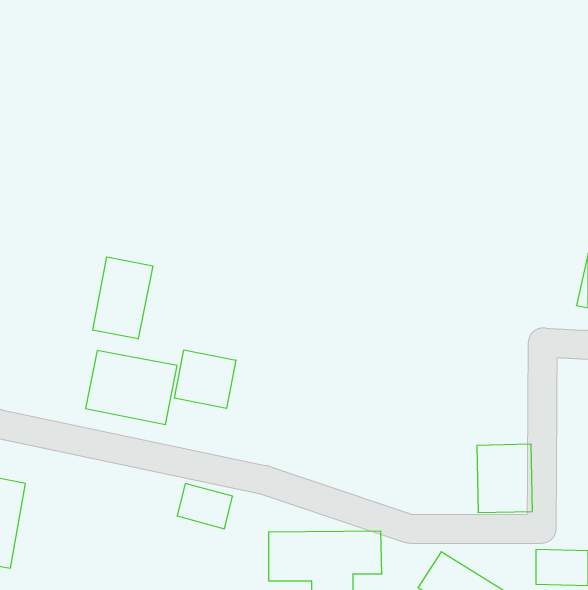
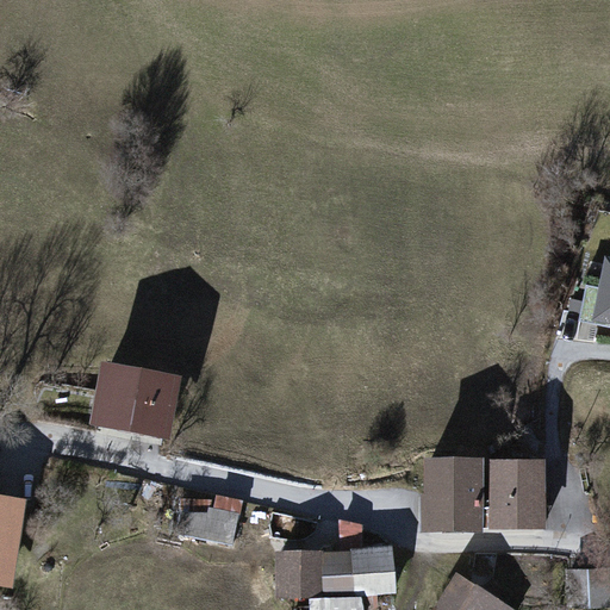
building: [93,257,153,339] -> none
building: [174,350,236,408] -> none
building: none -> [424,458,484,530]

